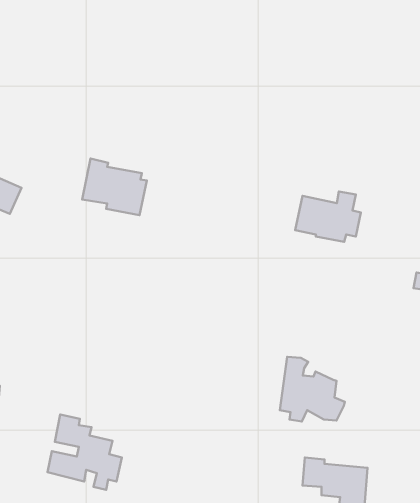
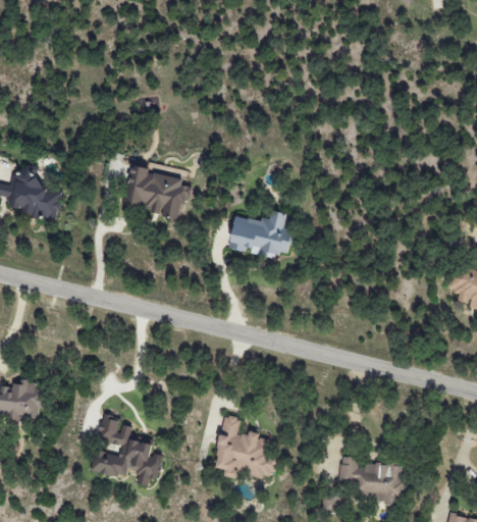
building: [295,192,361,242] -> [228,210,293,259]
building: [280,357,345,422] -> [215,416,278,479]

